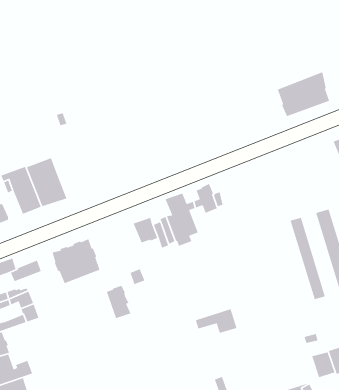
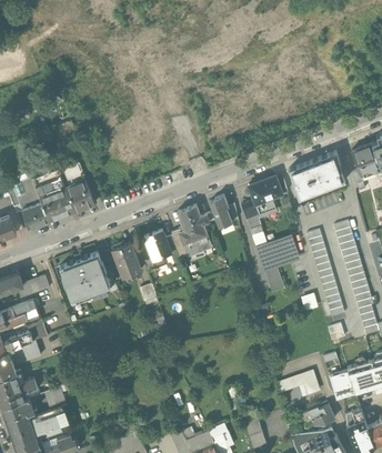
building: [277,71,330,117] -> [289,152,344,200]
building: none -> [241,175,282,230]
building: none -> [66,179,94,212]
building: none -> [257,236,298,270]
building: [106,285,132,319] -> [113,243,140,279]
building: [195,308,237,334] -> [274,369,319,395]

